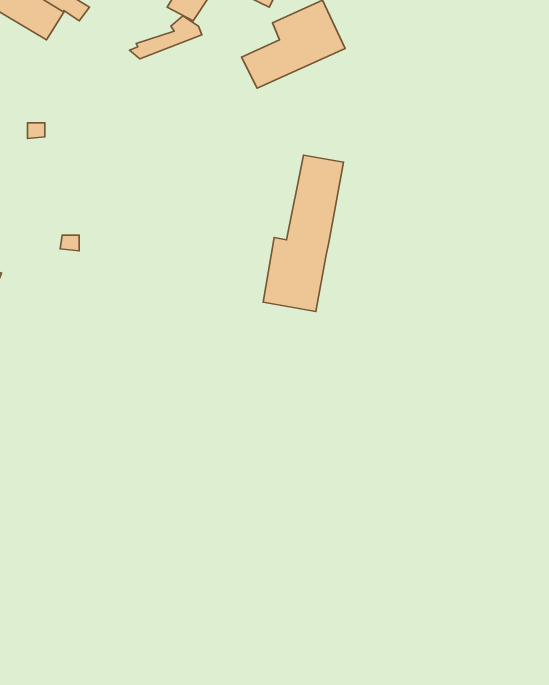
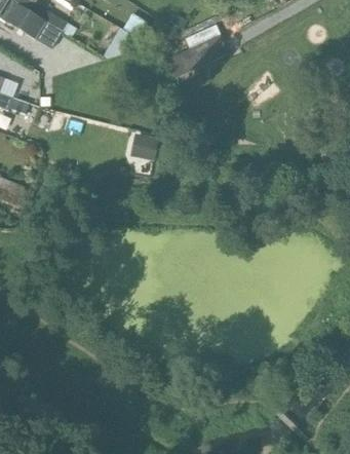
building: [263,155,343,311] -> none
building: none -> [130,133,157,159]

